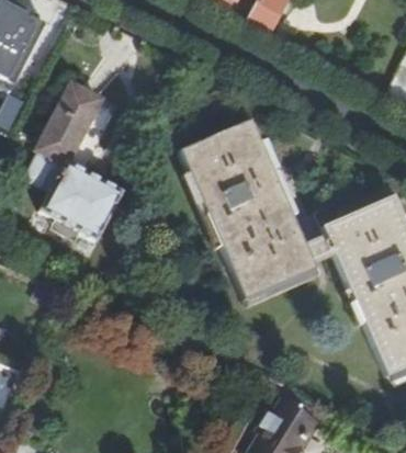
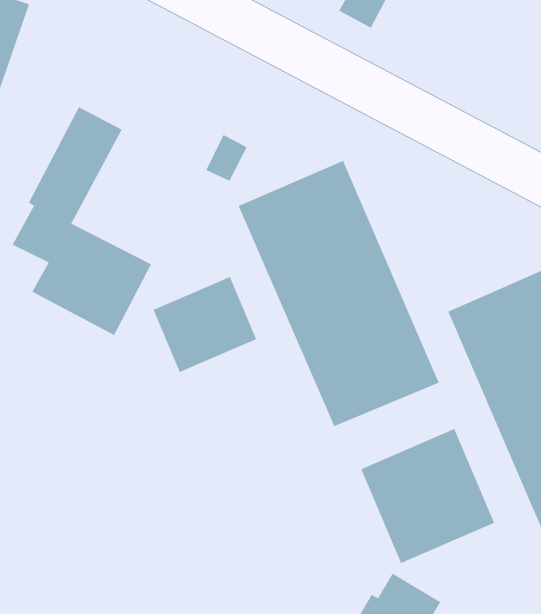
building: none -> [153,276,257,373]
building: none -> [361,428,495,564]

